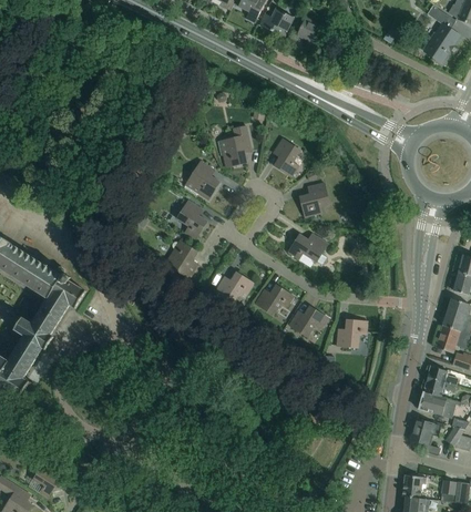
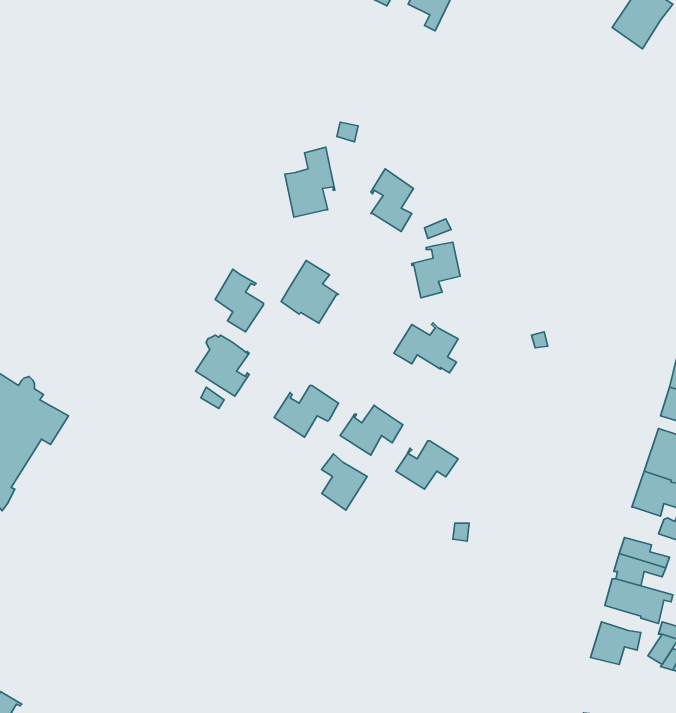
building: [185,161,221,199] -> [281,260,338,323]
building: none -> [322,454,367,510]
building: [337,319,379,347] -> none

